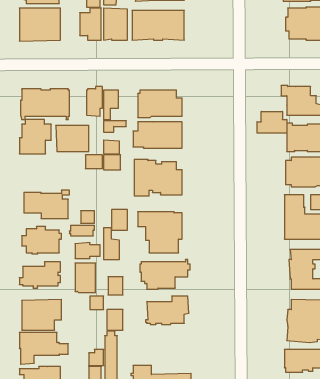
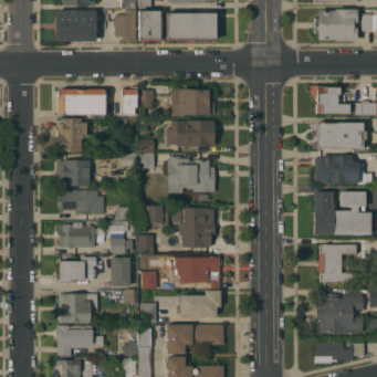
building: [257,111,287,133] -> none
building: [56,125,89,152] -> [56,160,88,186]
building: none -> [164,324,222,354]

